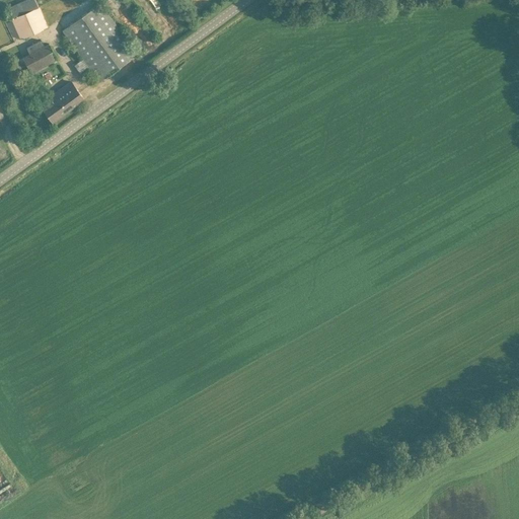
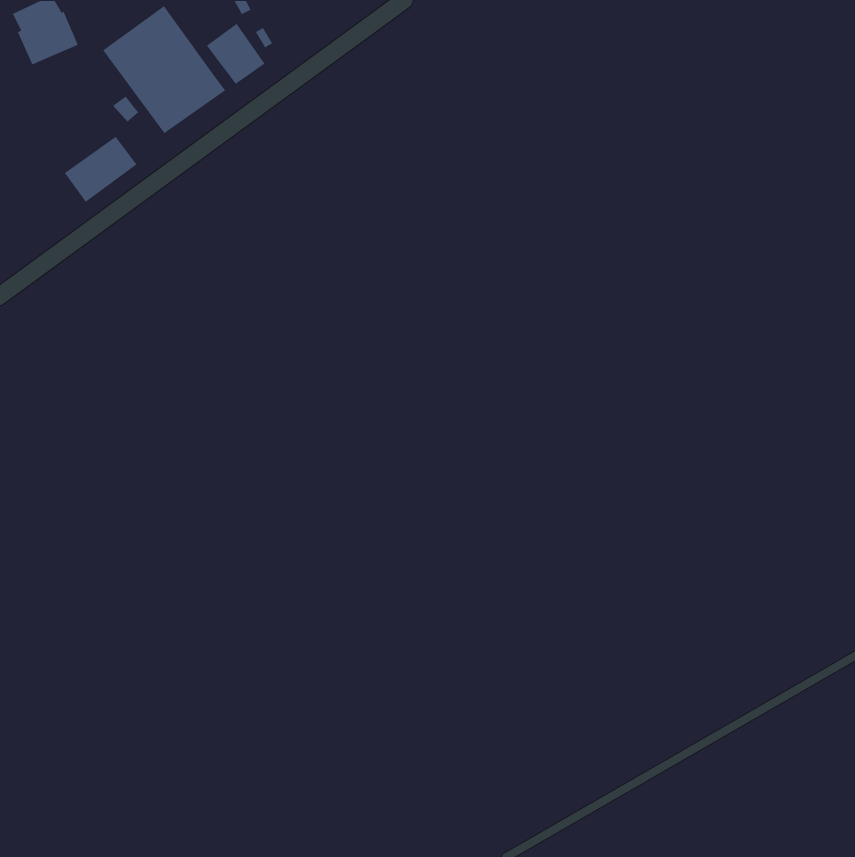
building: none -> [206,23,266,85]
building: [13,41,58,75] -> none

